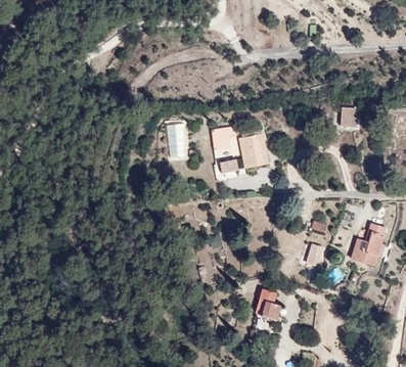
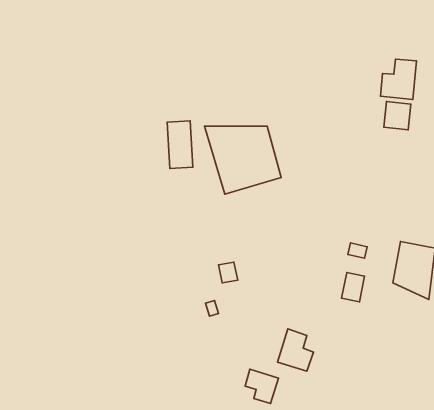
building: none -> [381,59,417,100]
building: none -> [245,369,278,403]

